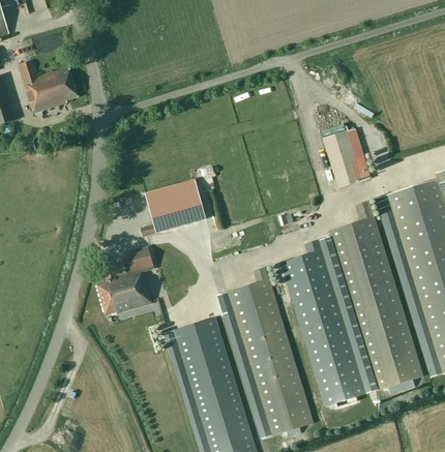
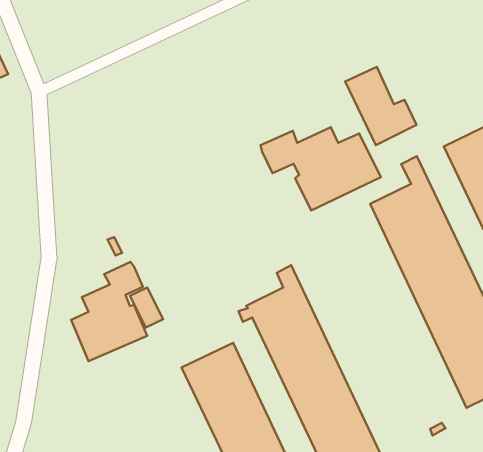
building: none -> [261,127,381,210]
building: [147,179,208,234] -> none
building: [281,240,367,405] -> none

